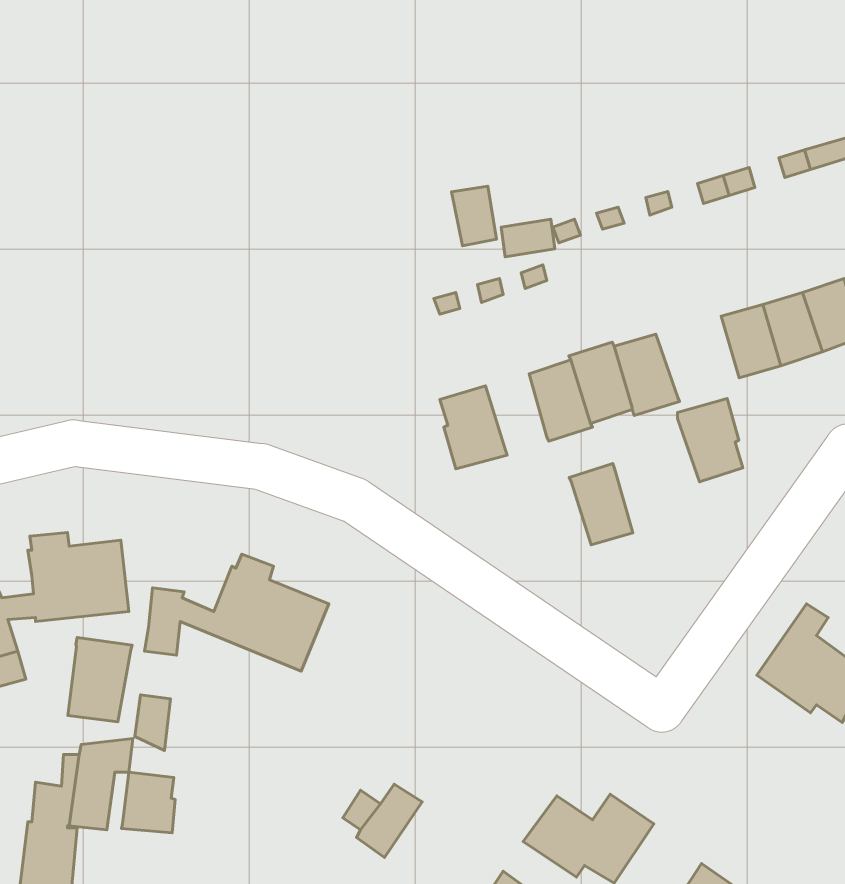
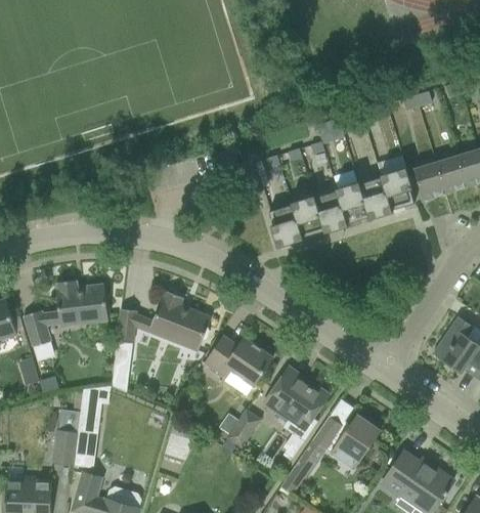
building: [452,186,496,246] -> none
building: [678,399,743,482] -> [381,167,414,210]
building: [569,464,633,545] -> [292,195,324,237]
building: [68,638,132,722] -> none
building: none -> [206,336,273,385]
building: none -> [264,372,329,441]
building: [122,772,175,833] -> none

